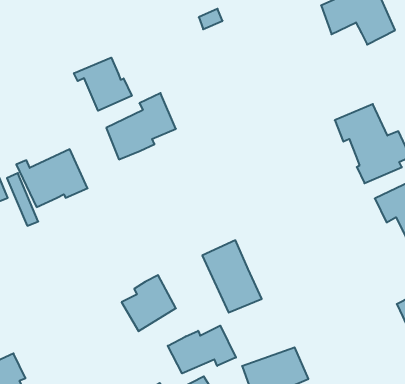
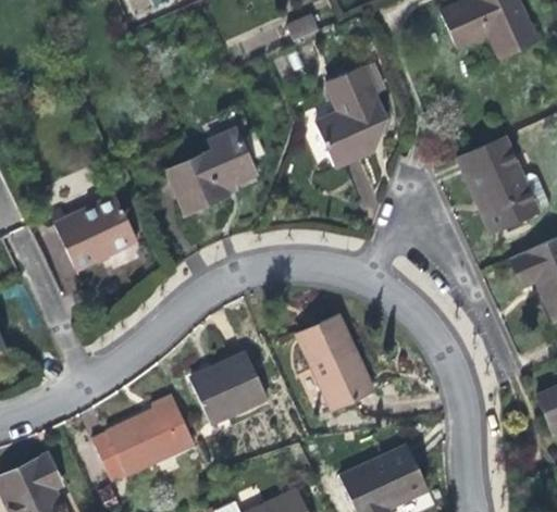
building: none -> [320,65,391,161]
building: [74,58,132,111] -> none
building: none -> [86,391,193,482]
building: [168,326,236,373] -> none

